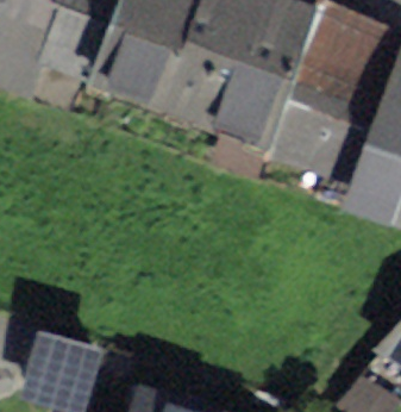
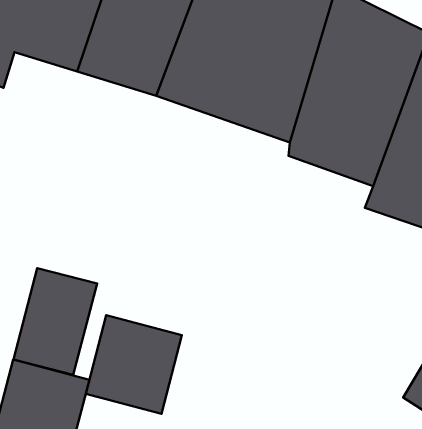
building: none -> [13,268,97,375]
building: none -> [86,315,182,414]

